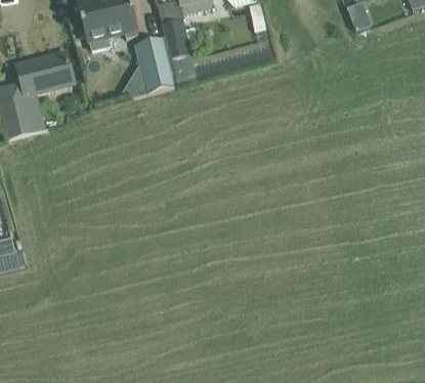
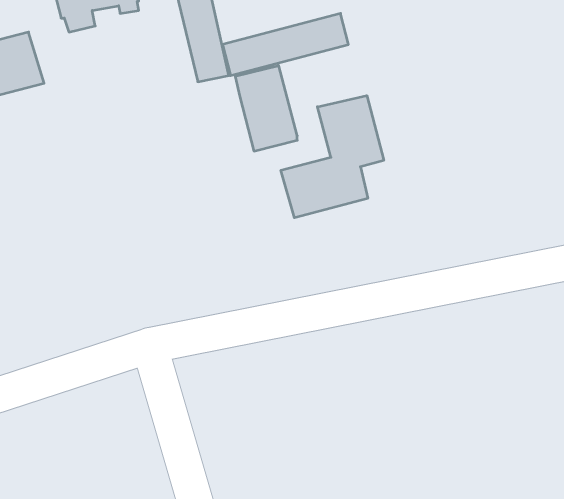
building: [134,36,175,92] -> [235,66,297,151]
building: none -> [281,96,384,218]

